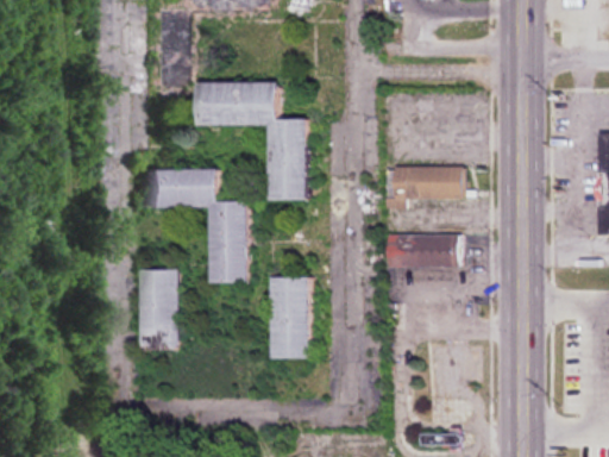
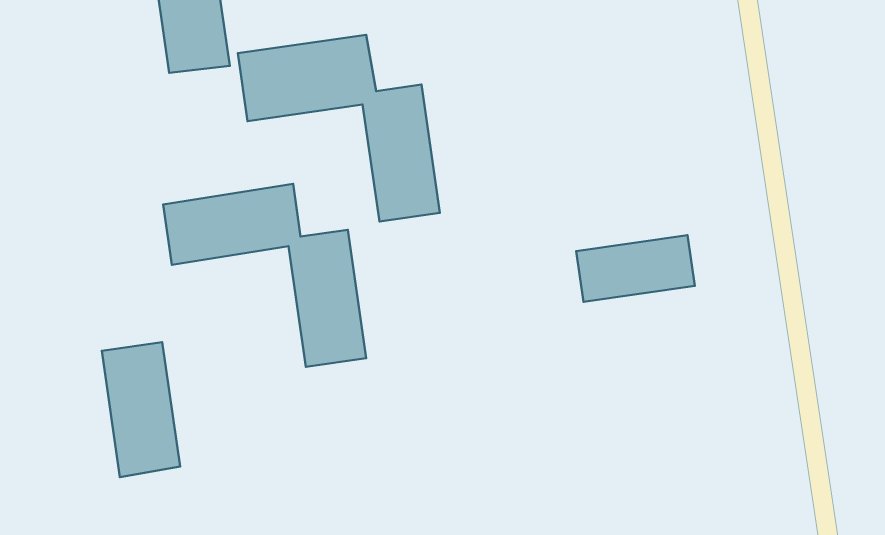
building: [385,167,464,208] -> none
building: [140,270,178,350] -> [102,342,180,477]
building: [270,277,309,358] -> none

